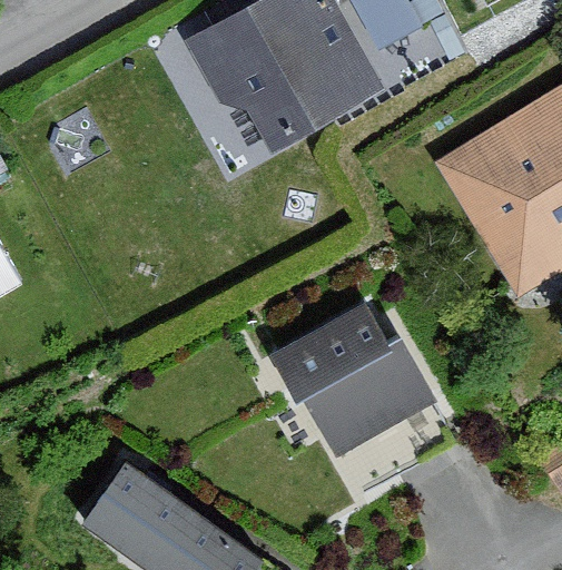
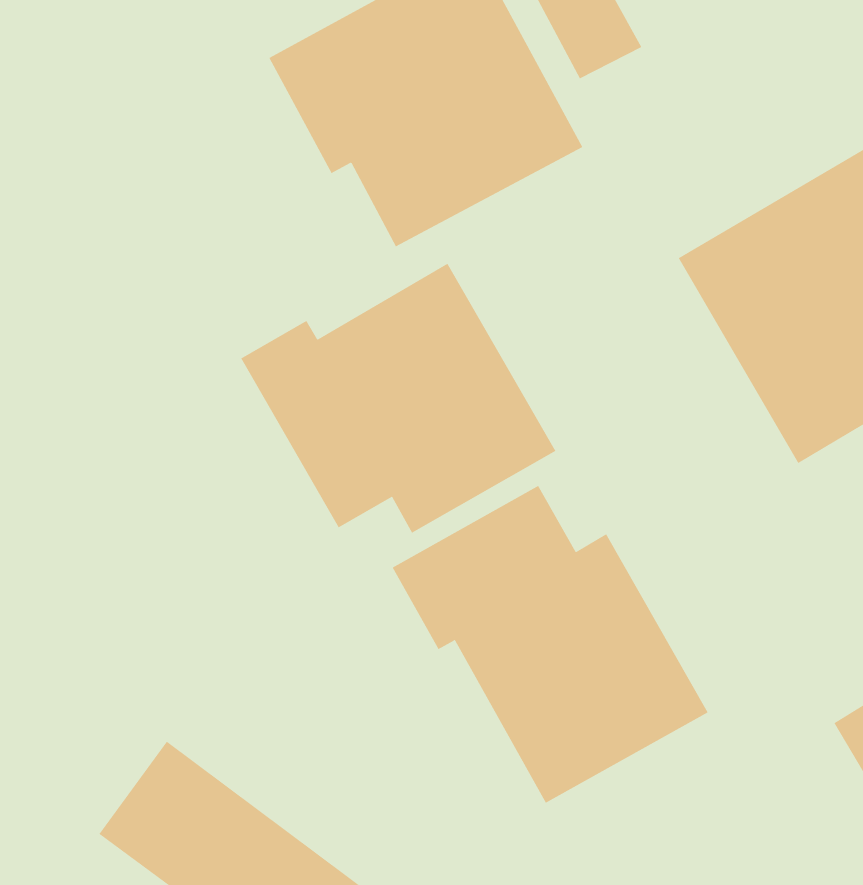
building: none -> [240,263,556,534]

